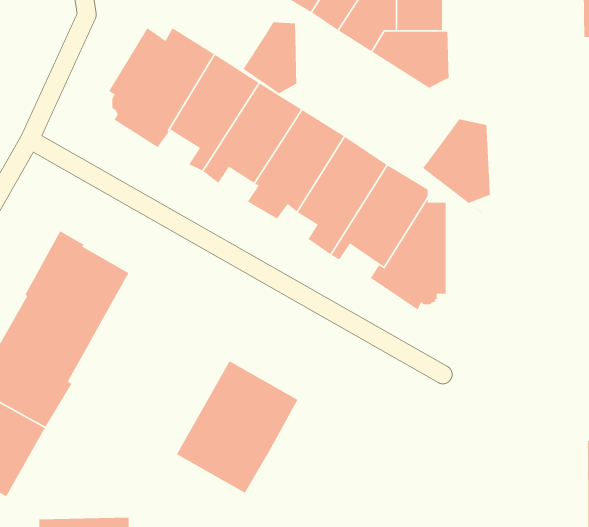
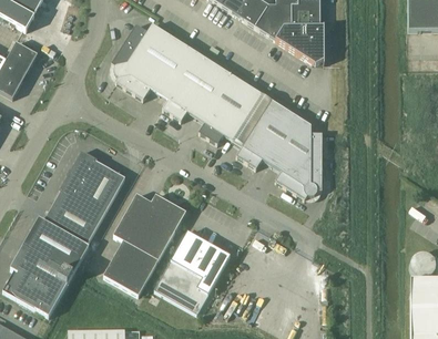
building: [242,22,297,101] -> none
building: [422,118,491,214] -> none
building: none -> [103,192,185,294]

